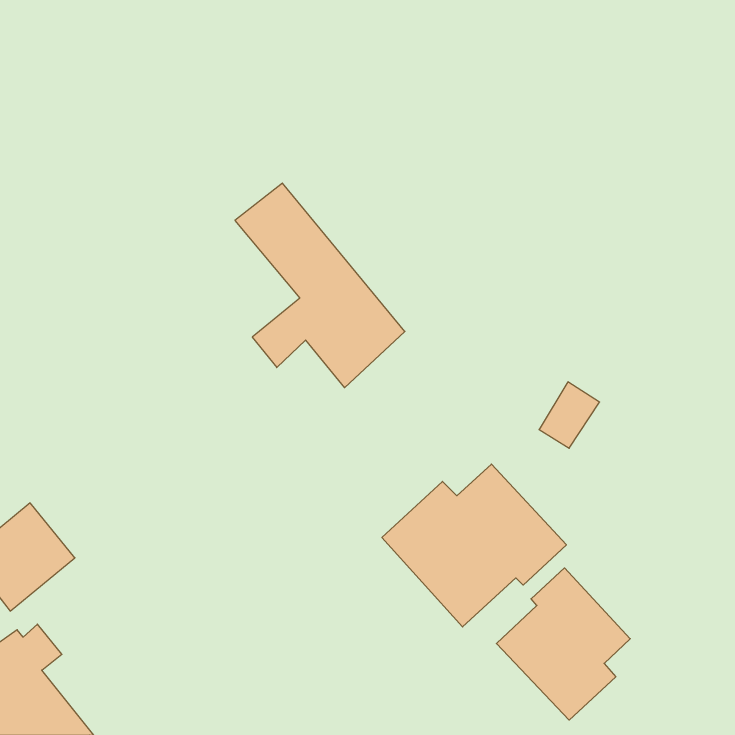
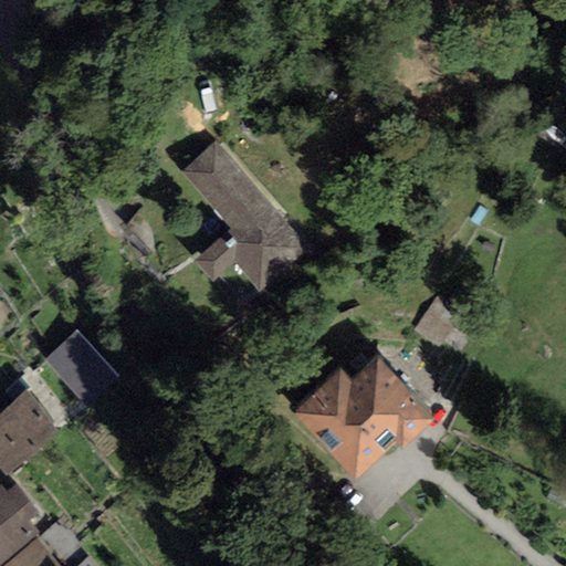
building: none -> [43,334,112,406]
building: [496,568,630,720] -> none

